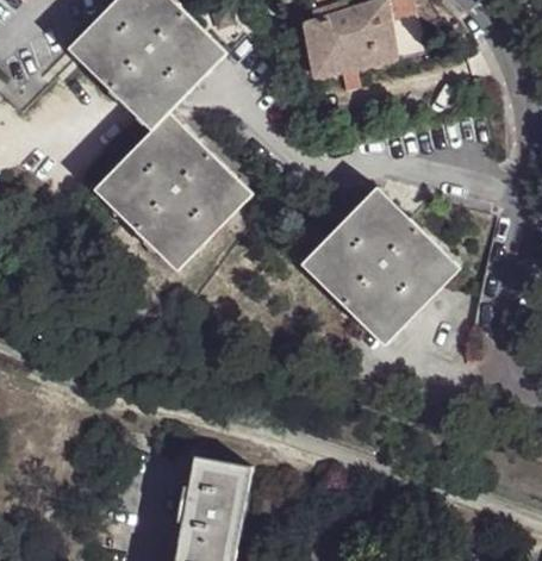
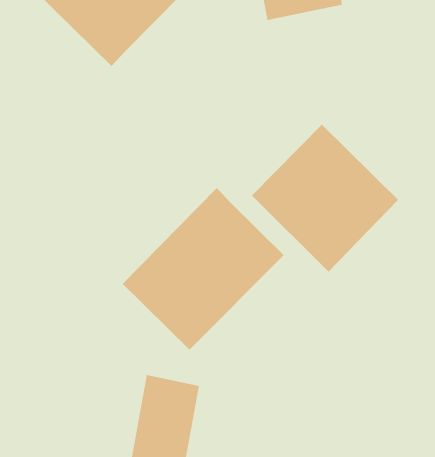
building: [92,112,253,272] -> none
building: none -> [122,187,284,351]

